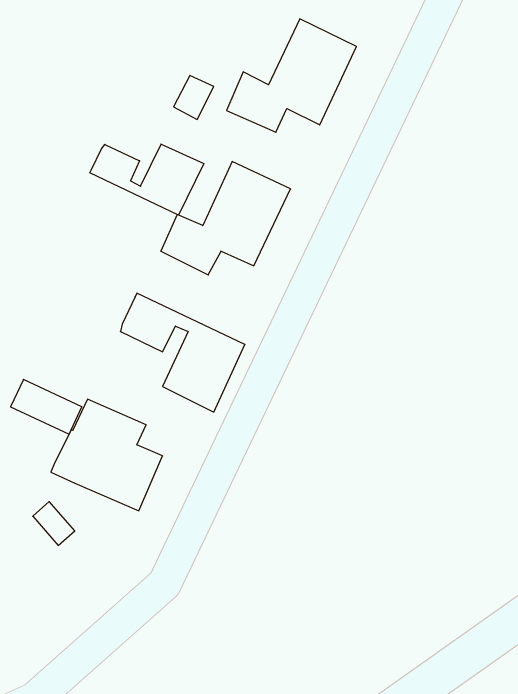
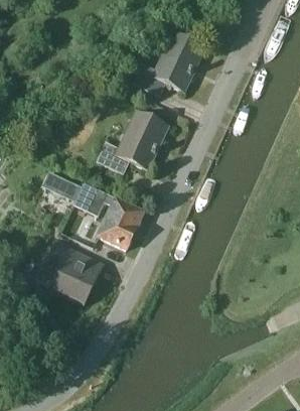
building: [90,144,204,215] -> none
building: [11,379,82,434] -> [42,171,82,201]

